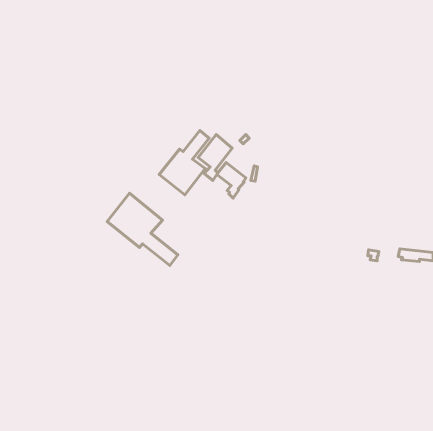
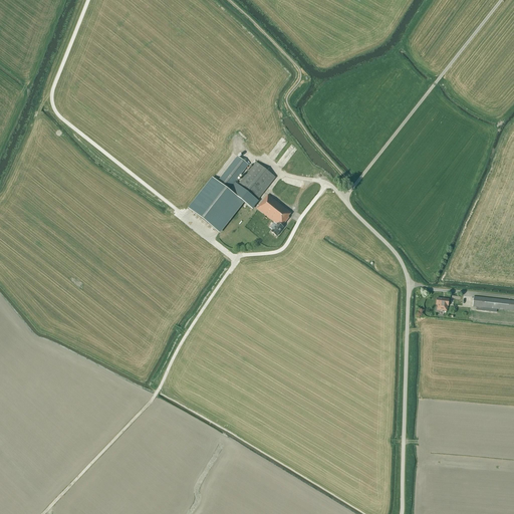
building: [107,193,178,265] -> none

